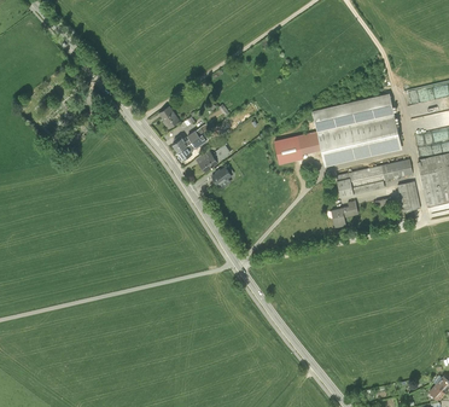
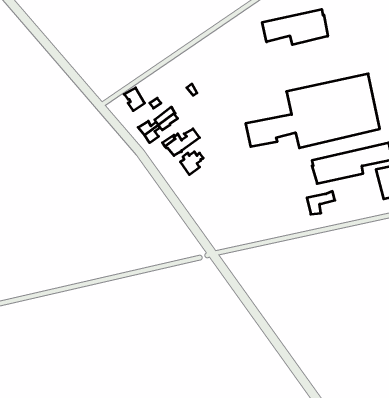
building: none -> [262,9,328,45]

